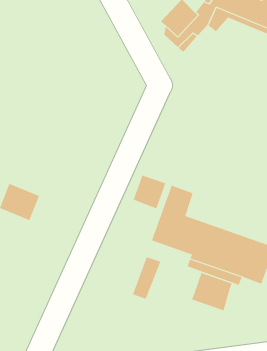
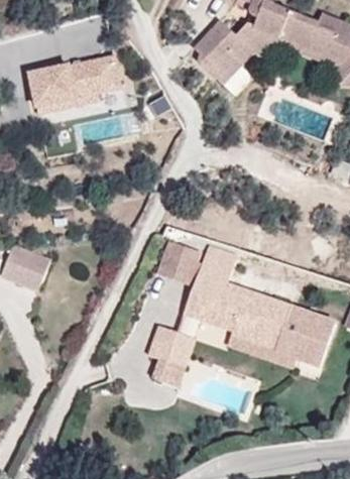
building: none -> [29,54,121,115]
building: none -> [147,325,178,378]
building: [191,272,233,311] -> none

